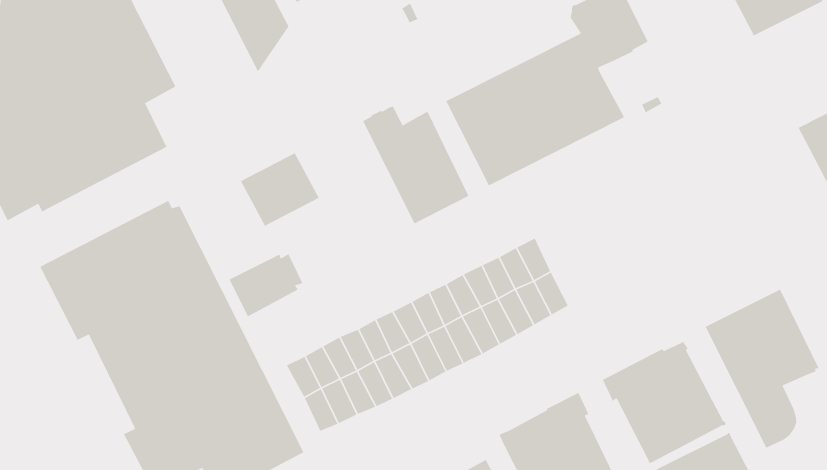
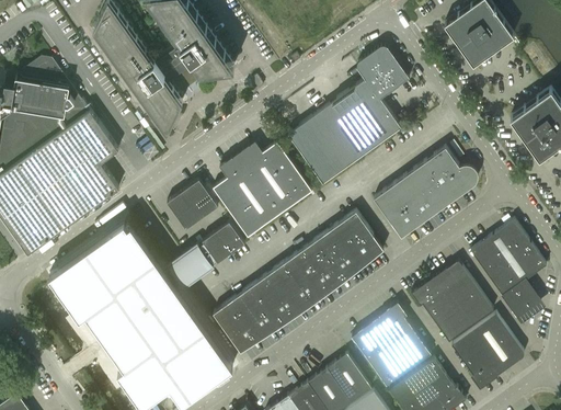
building: none -> [213,155,279,238]
building: none -> [374,148,478,238]
building: none -> [202,223,244,264]

